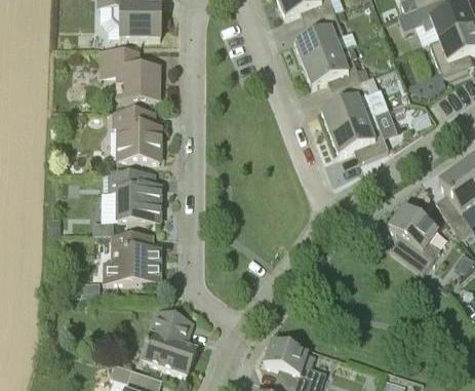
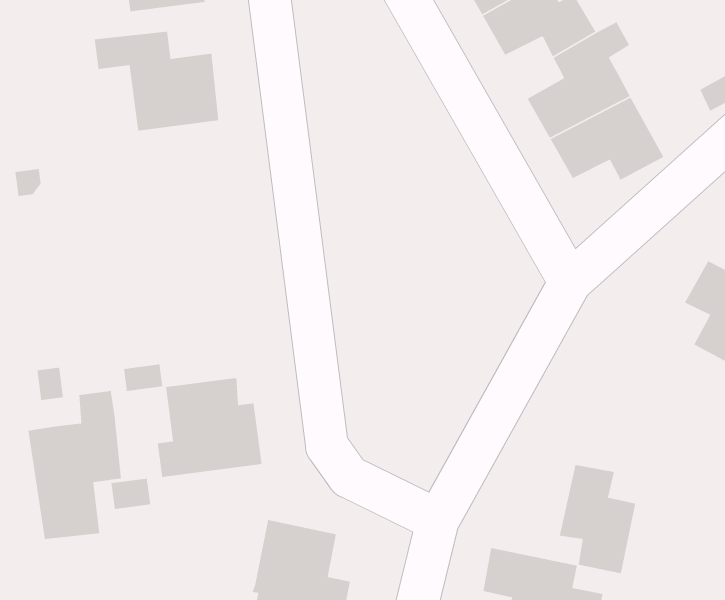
building: [114,110,160,159] -> none
building: [111,171,160,221] -> none
building: none -> [28,390,122,540]
building: none -> [559,464,636,574]

